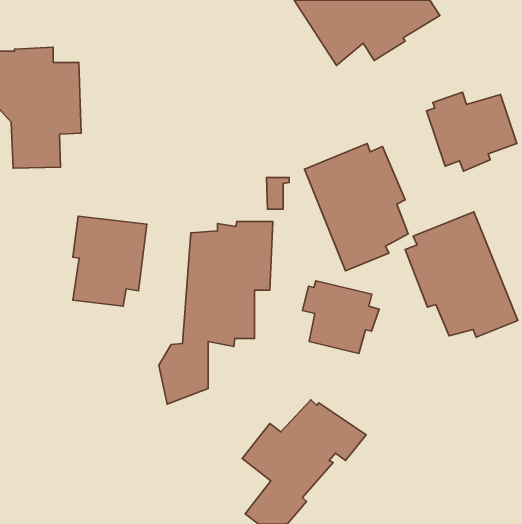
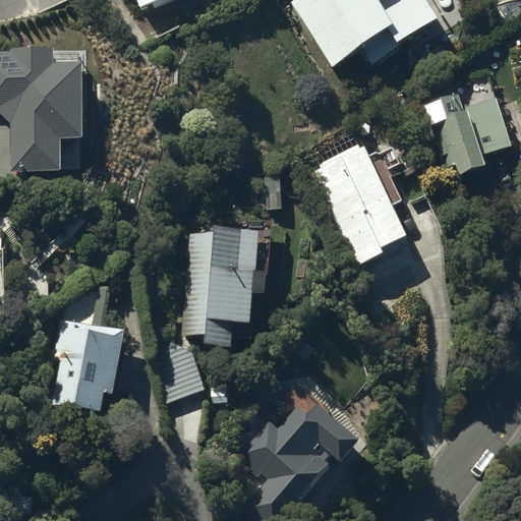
building: [405,212,518,337] -> none
building: [73,216,147,306] -> [52,330,125,419]
building: [302,281,379,354] -> none

